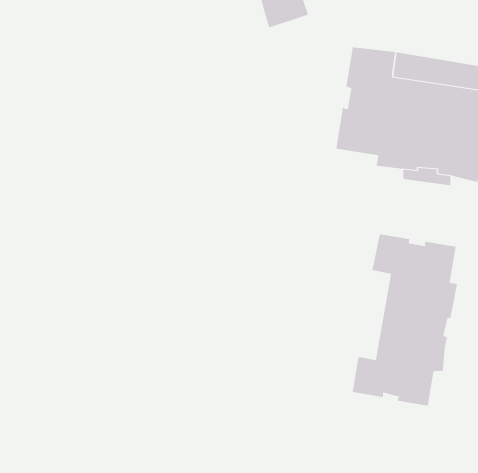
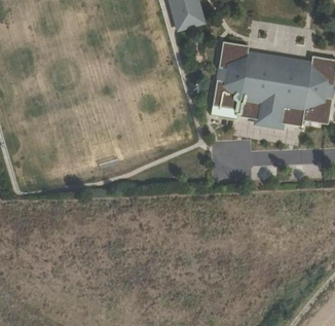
building: [352,234,458,406] -> none

